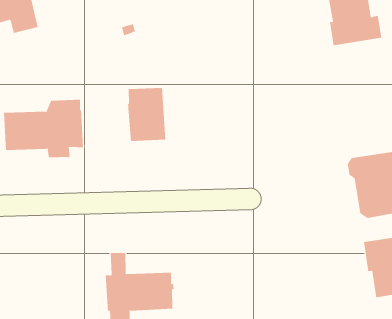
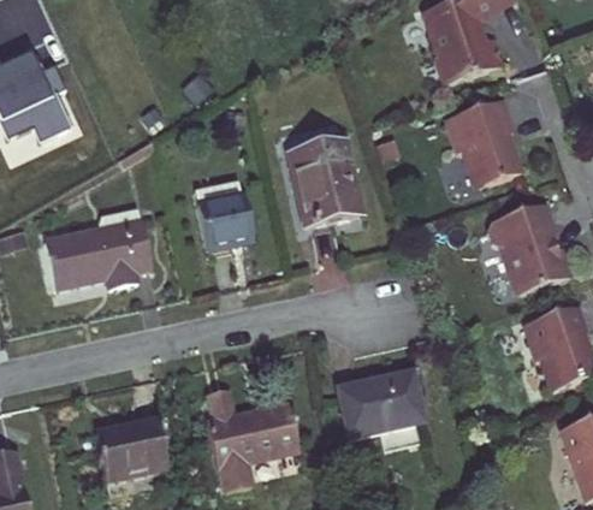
building: none -> [443,100,518,186]
building: none -> [290,140,362,225]
building: none -> [338,369,425,438]
building: none -> [95,420,167,480]

